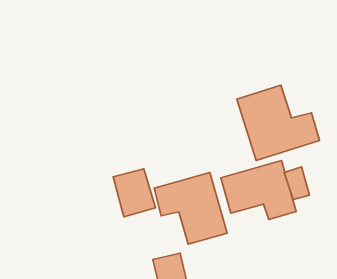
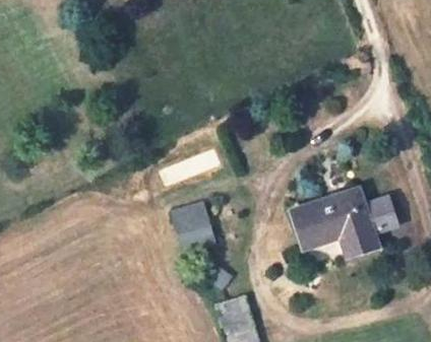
building: [237,85,320,160] -> none
building: [154,173,227,244] -> none

